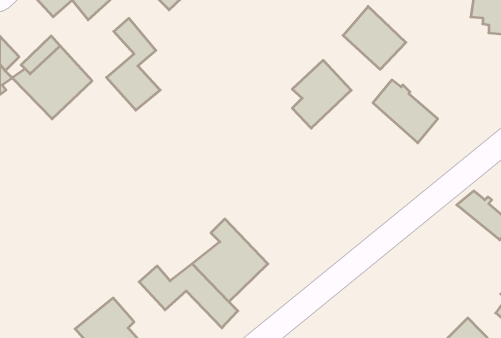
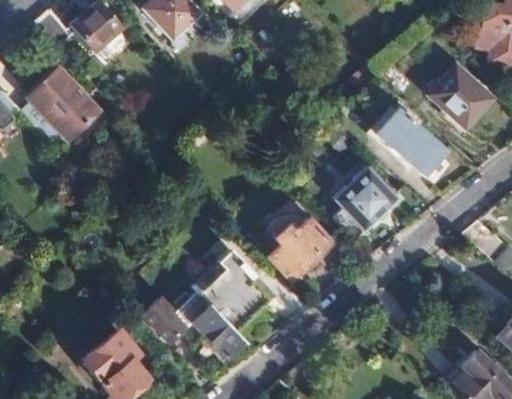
building: [343,6,406,69] -> [432,65,495,128]
building: [106,18,160,110] -> none
building: [292,60,351,128] -> [339,169,398,237]
building: none -> [271,218,335,279]

